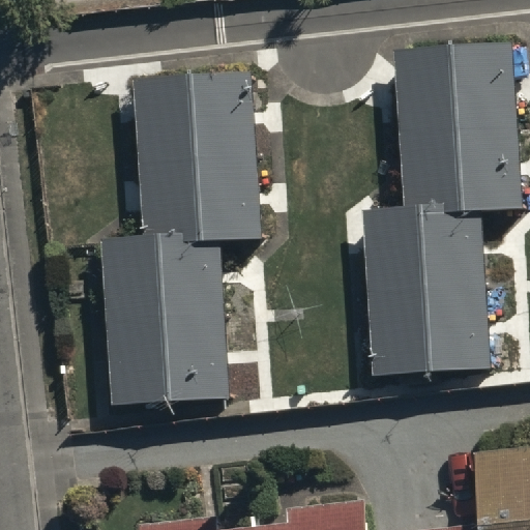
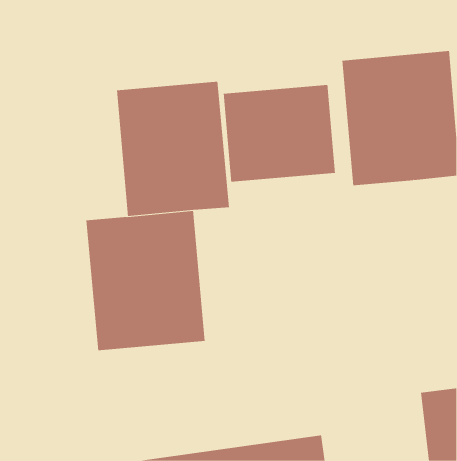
building: none -> [223,84,336,183]
building: [357,207,489,369] -> none

